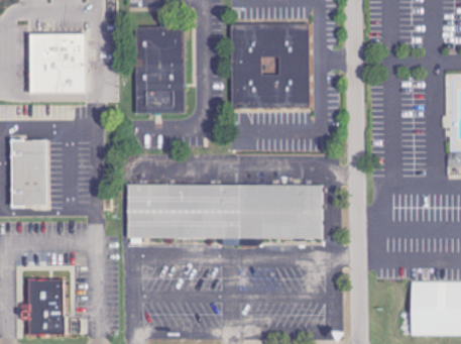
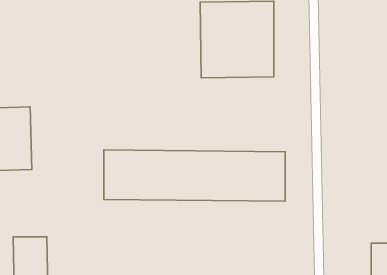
building: [135,27,183,113] -> none
building: [28,33,85,93] -> none

